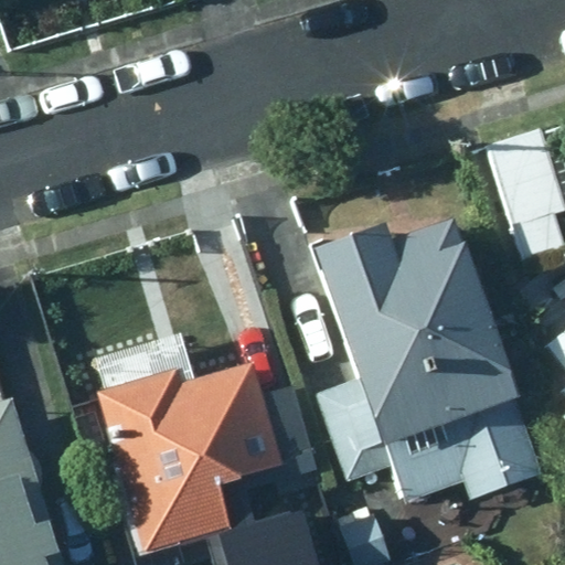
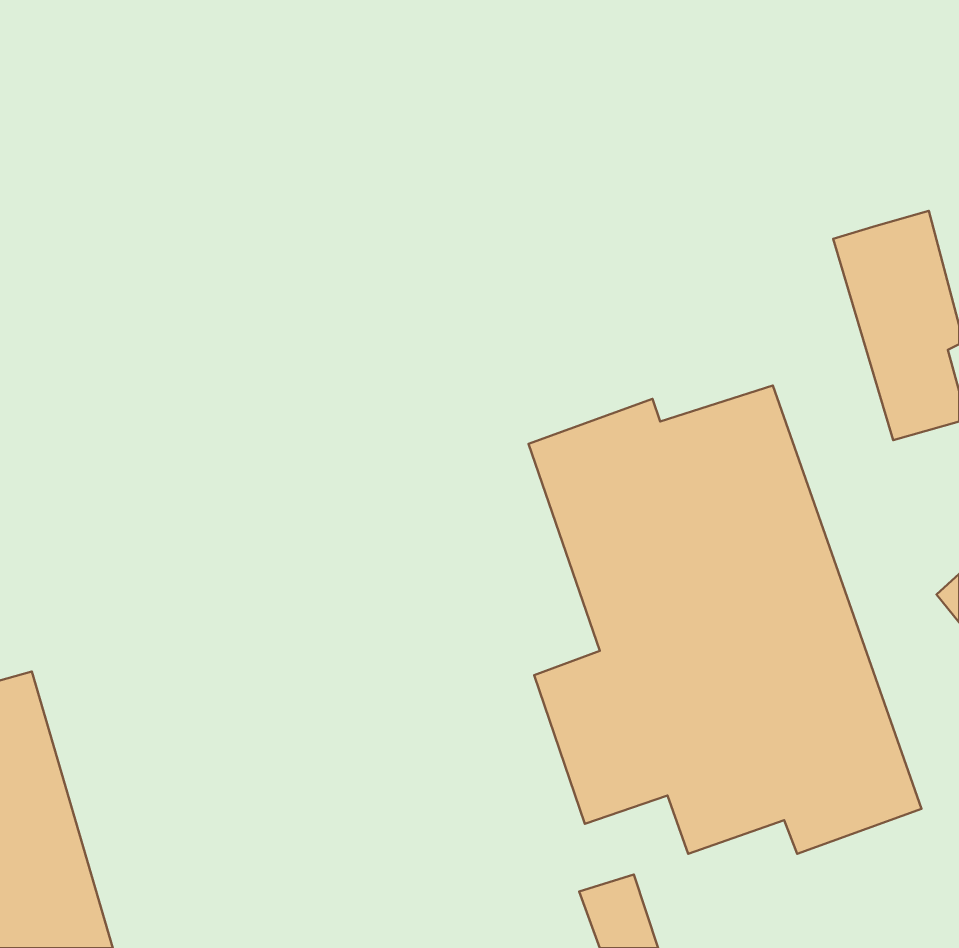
building: [102,360,297,545] -> none

